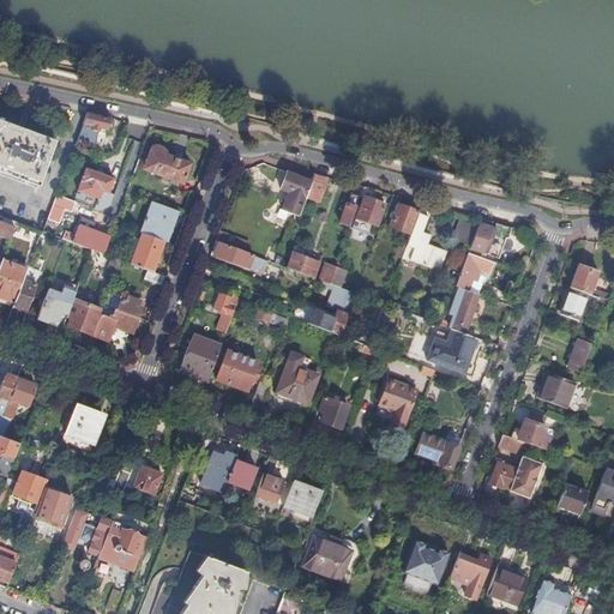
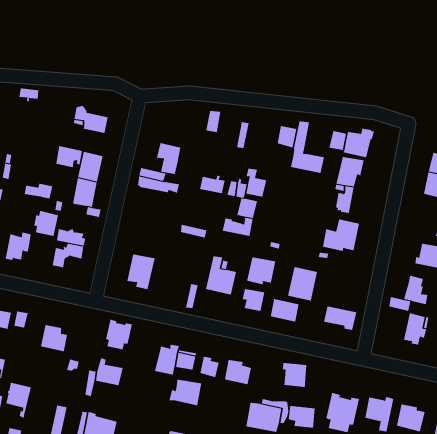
building: [77,168,113,198] -> [55,146,83,168]
building: [279,170,312,212] -> [156,143,181,175]
building: [357,186,386,224] -> [246,168,267,197]
building: [215,293,240,332] -> none
building: [66,299,100,333] -> [33,210,59,236]
building: [217,350,260,391] -> none
building: none -> [247,256,276,285]
building: none -> [105,319,132,350]
building: none -> [270,298,299,322]
building: [490,458,518,488] -> none
building: [34,487,73,524] -> none
building: none -> [282,362,307,388]
building: none -> [169,379,202,406]
building: none -> [288,405,315,429]

